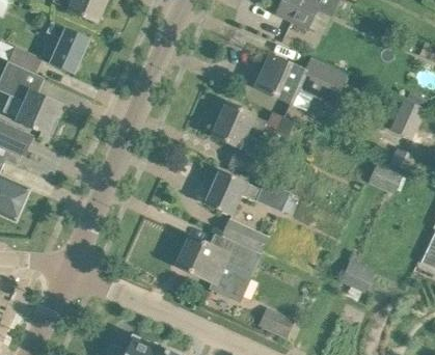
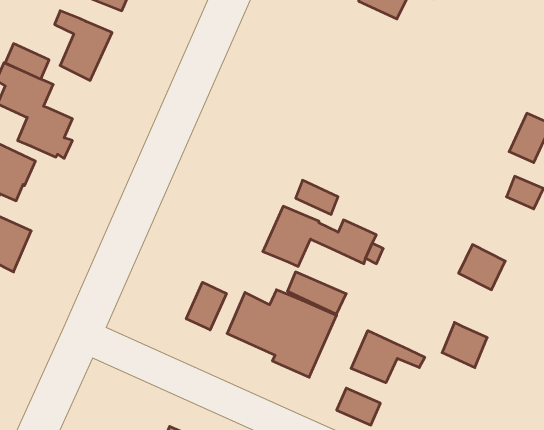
building: [256,55,347,103] -> none
building: [212,102,294,146] -> none
building: [368,160,403,194] -> [459,245,505,290]
building: none -> [186,282,226,330]
building: none -> [351,331,425,383]

